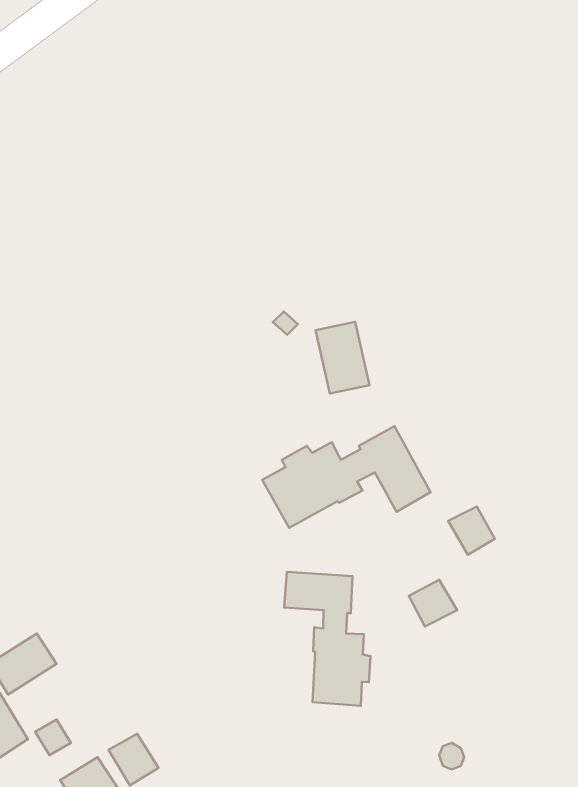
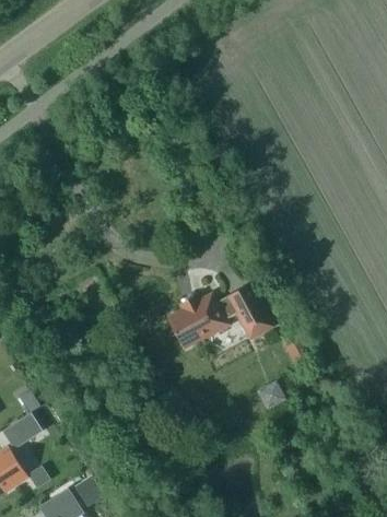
building: [316,322,369,394] -> none
building: [284,572,370,706] -> none

